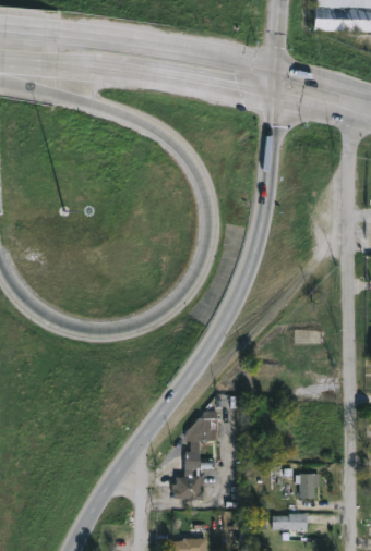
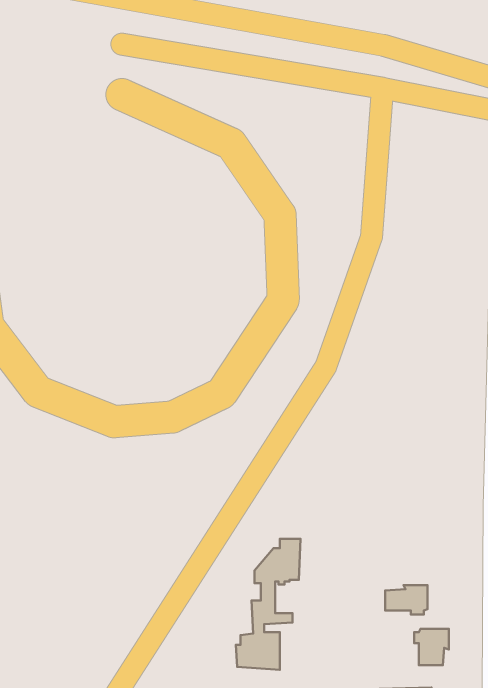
building: none -> [385,585,428,614]

